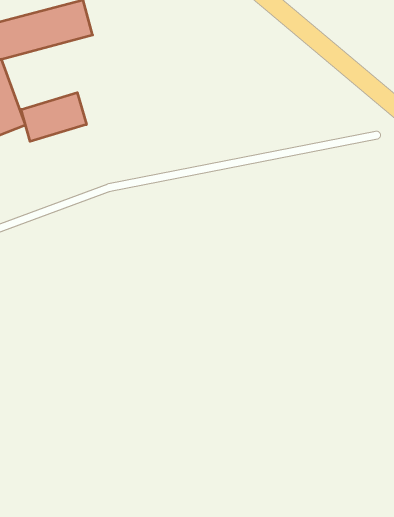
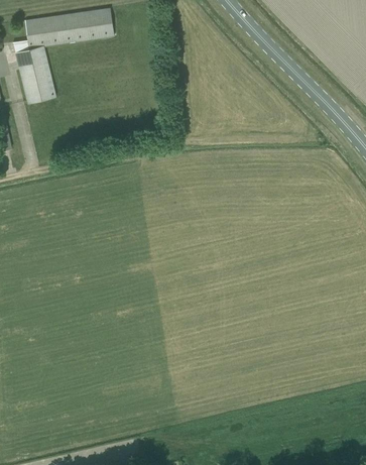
building: [21,93,86,141] -> none

